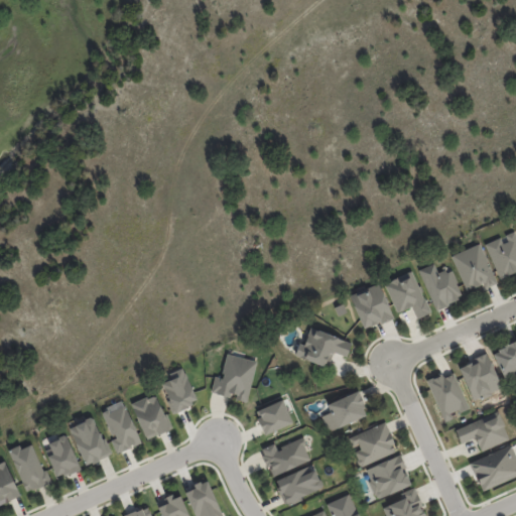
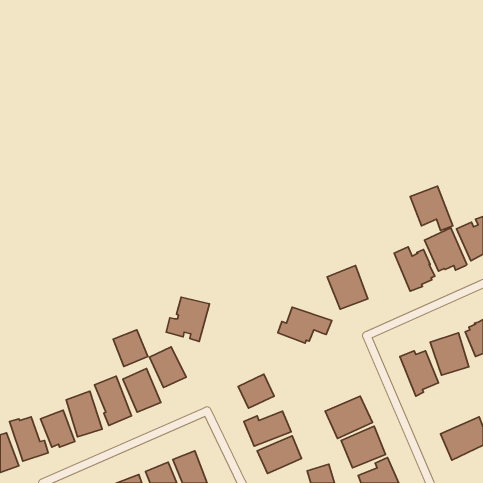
building: [384,271,429,318] -> [410,186,453,230]
building: none -> [113,330,148,367]
building: [213,354,259,401] -> [166,297,210,341]
building: [321,392,367,430] -> none
building: [455,411,509,452] -> none

